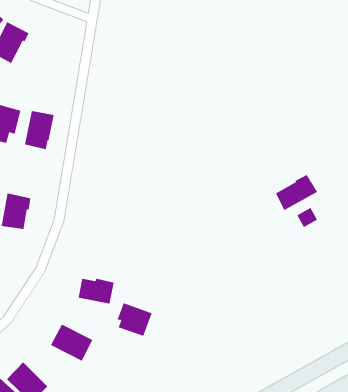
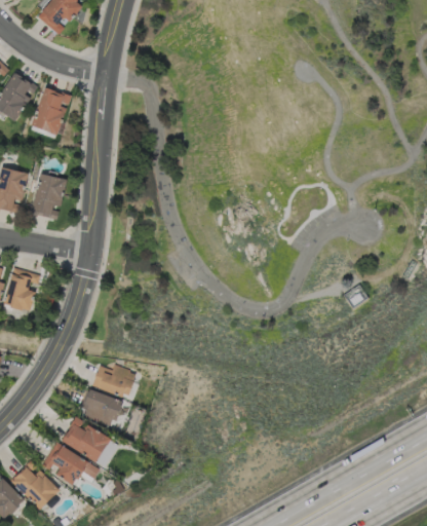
building: none -> [32,86,71,134]
building: [275,174,318,211] -> none
building: [117,303,153,337] -> [82,388,123,427]
building: none -> [41,442,100,486]

